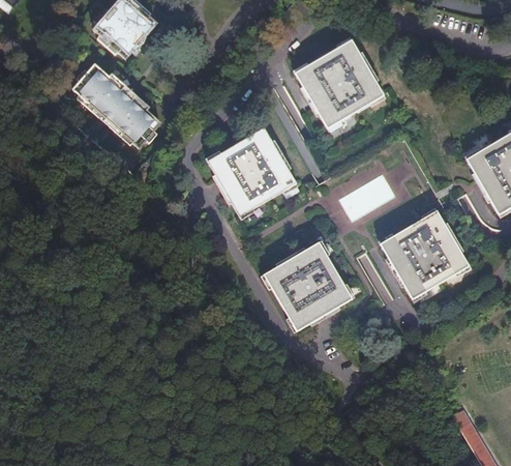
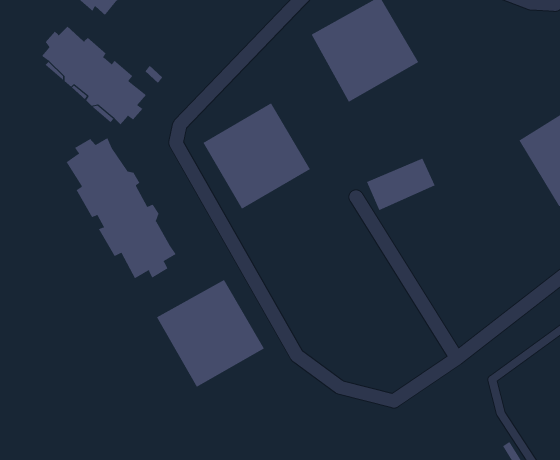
building: none -> [66,137,177,279]
building: [380,211,468,299] -> none
building: [262,241,351,330] -> [156,279,265,388]

